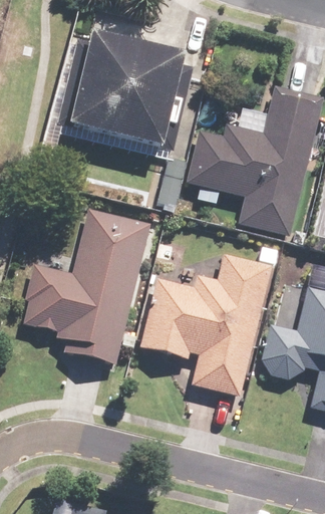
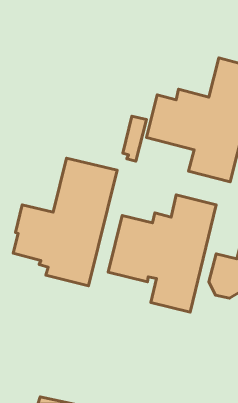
building: [56,31,194,152] -> none

